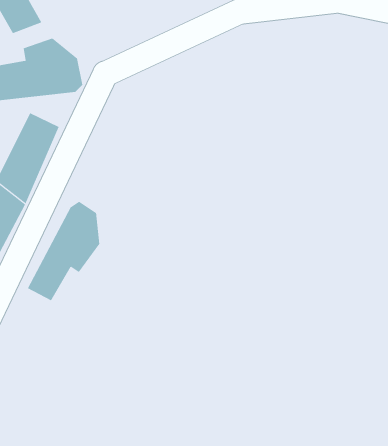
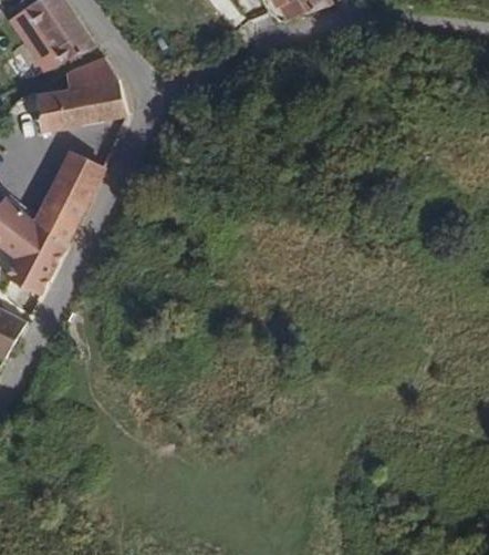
building: [27,201,100,301] -> none

